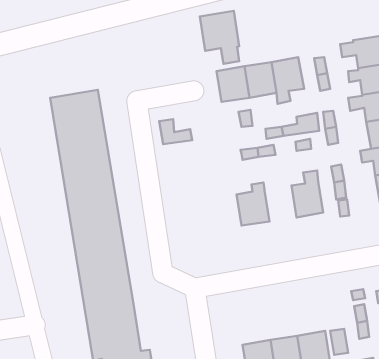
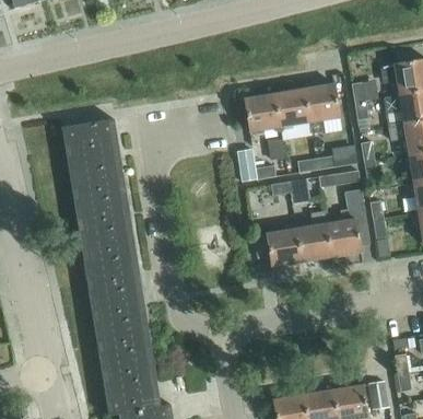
building: [200,11,239,64] -> none
building: [159,119,192,144] -> [239,153,275,181]
building: none -> [296,210,331,263]

